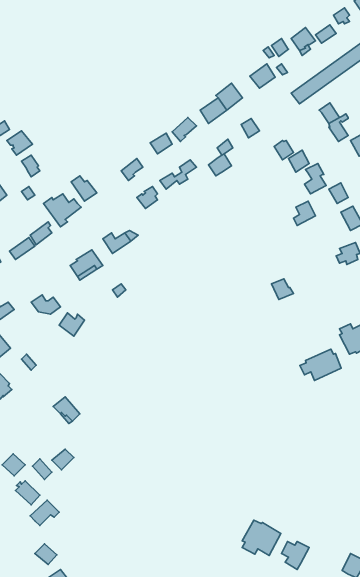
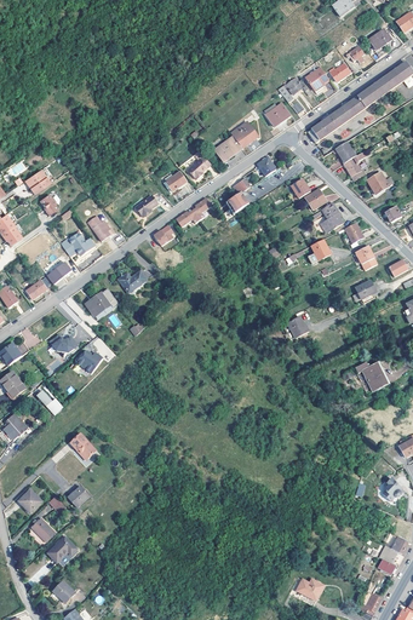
building: [300,349,341,381] -> none
building: [242,520,281,555] -> none

